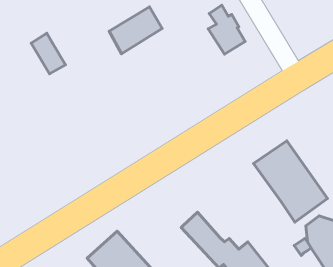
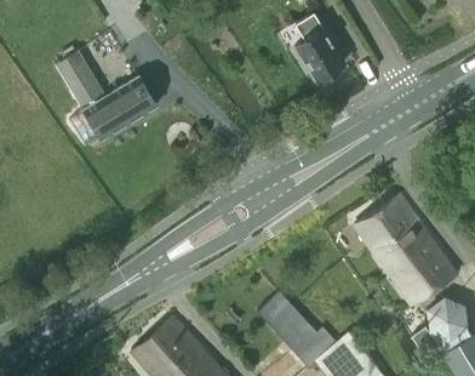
building: [109,7,162,54] -> [84,75,155,138]

